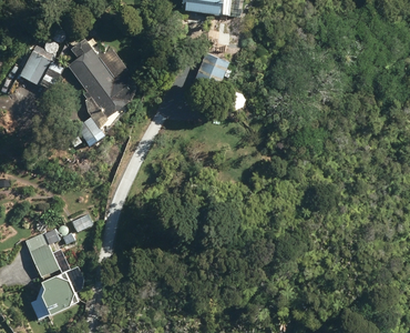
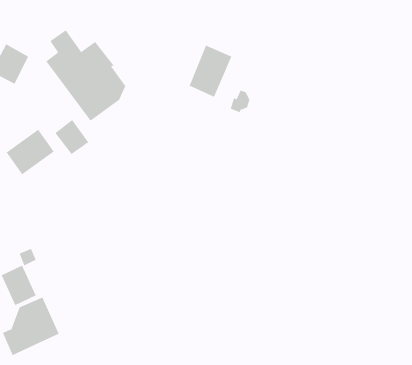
building: none -> [6,129,55,175]

